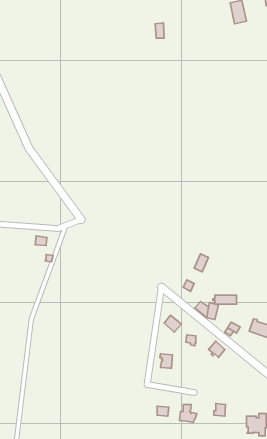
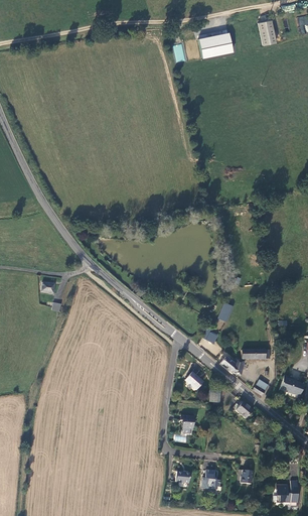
building: none -> [198,33,234,58]

